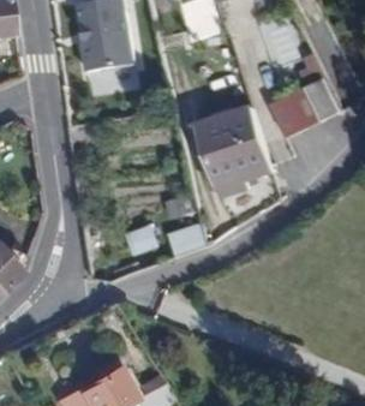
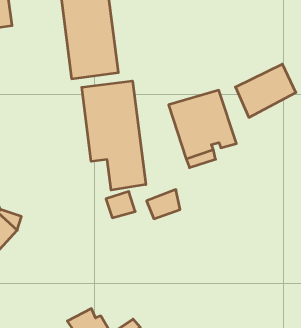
building: none -> [82,81,146,190]

